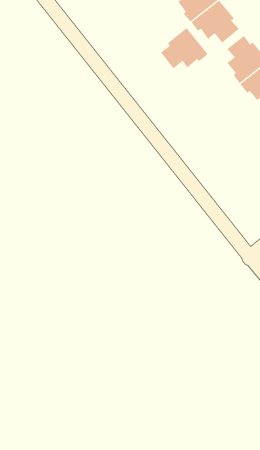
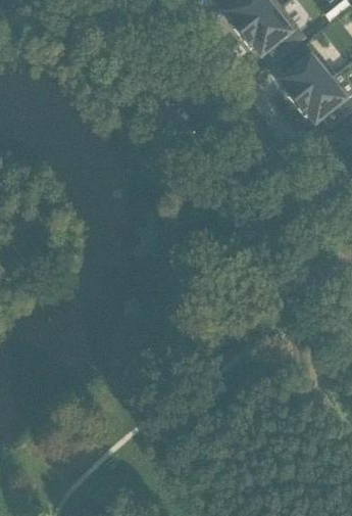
building: [160,27,208,69] -> none

